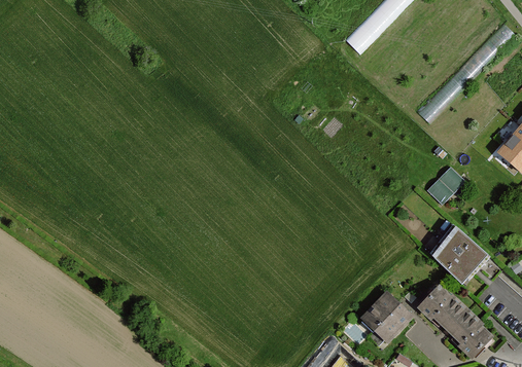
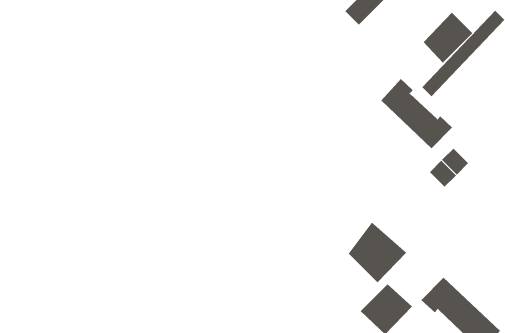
building: none -> [423,12,473,63]
building: none -> [381,78,453,149]
building: [433,227,489,285] -> [348,222,407,283]

